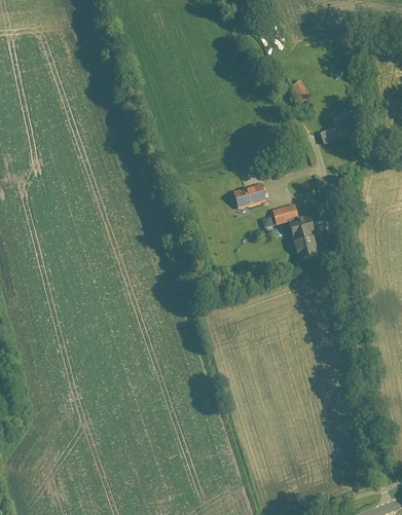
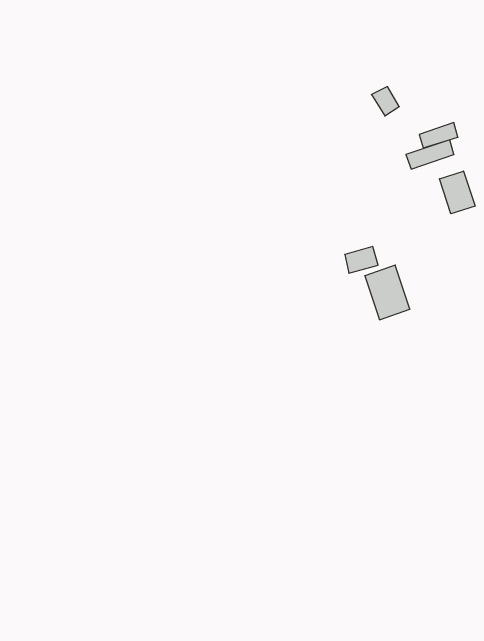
building: none -> [439,171,475,214]
building: [232,184,266,208] -> none

